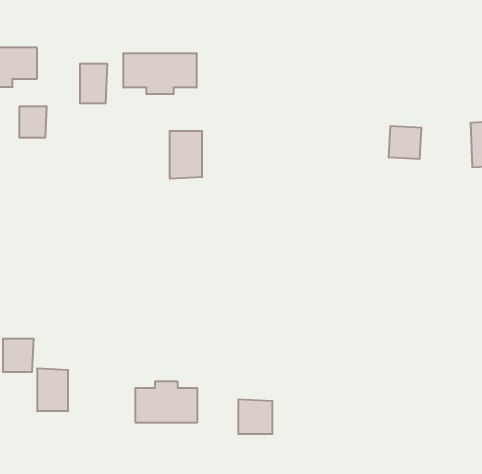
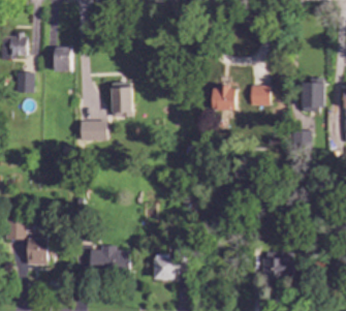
building: [124,53,196,94] -> none
building: none -> [213,87,237,110]
building: none -> [80,120,107,141]
building: none -> [263,252,293,278]

